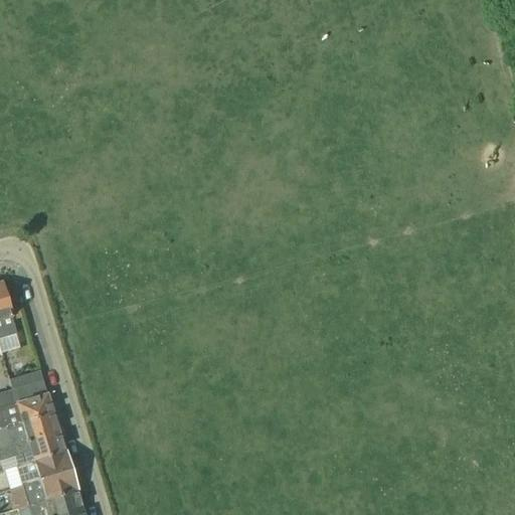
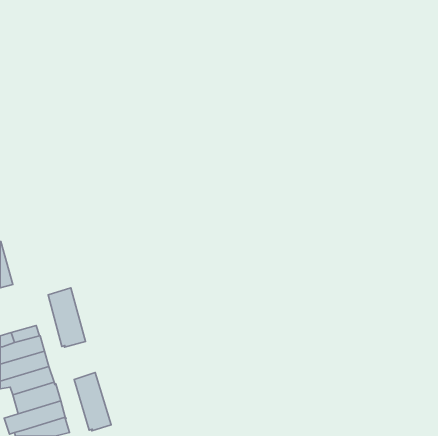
building: none -> [48,288,85,347]
building: none -> [74,372,111,431]

